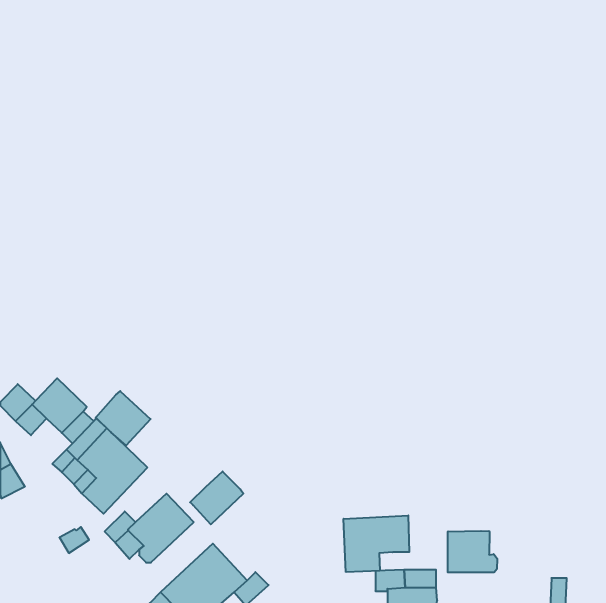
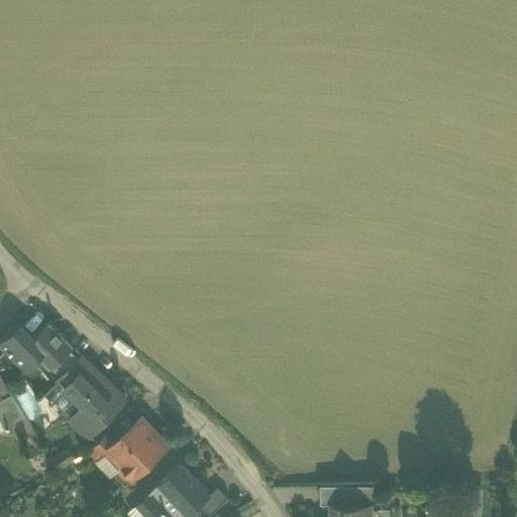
building: [96,391,151,445] -> none
building: [190,471,243,524] -> none
building: [344,515,409,572] -> none
building: [448,531,497,572] -> none

